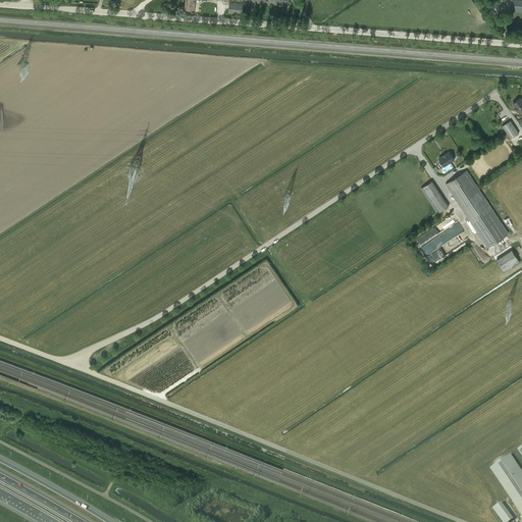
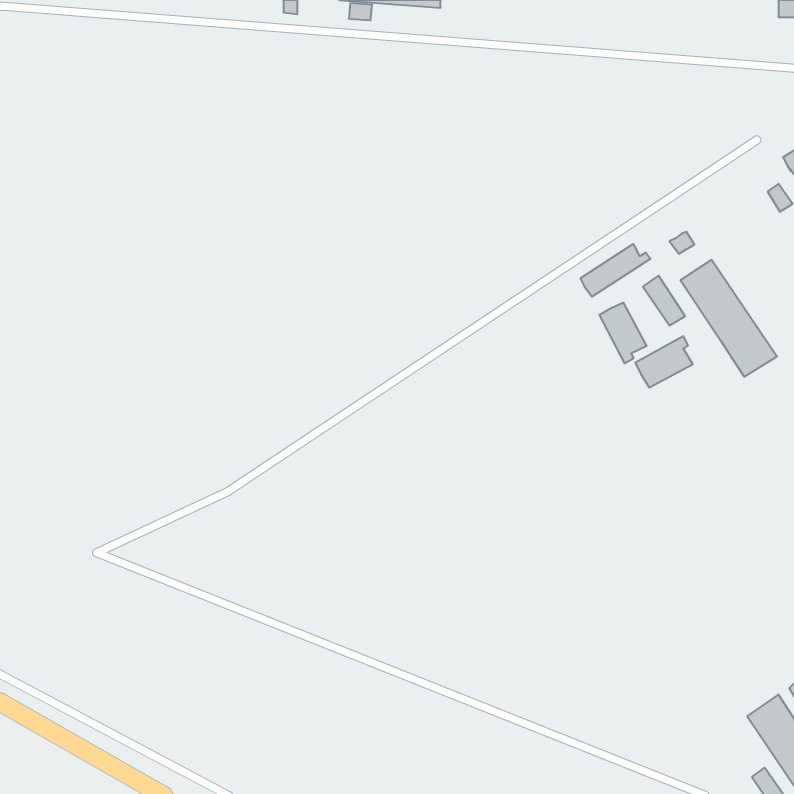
building: none -> [581,244,650,297]
building: none -> [599,303,647,363]

